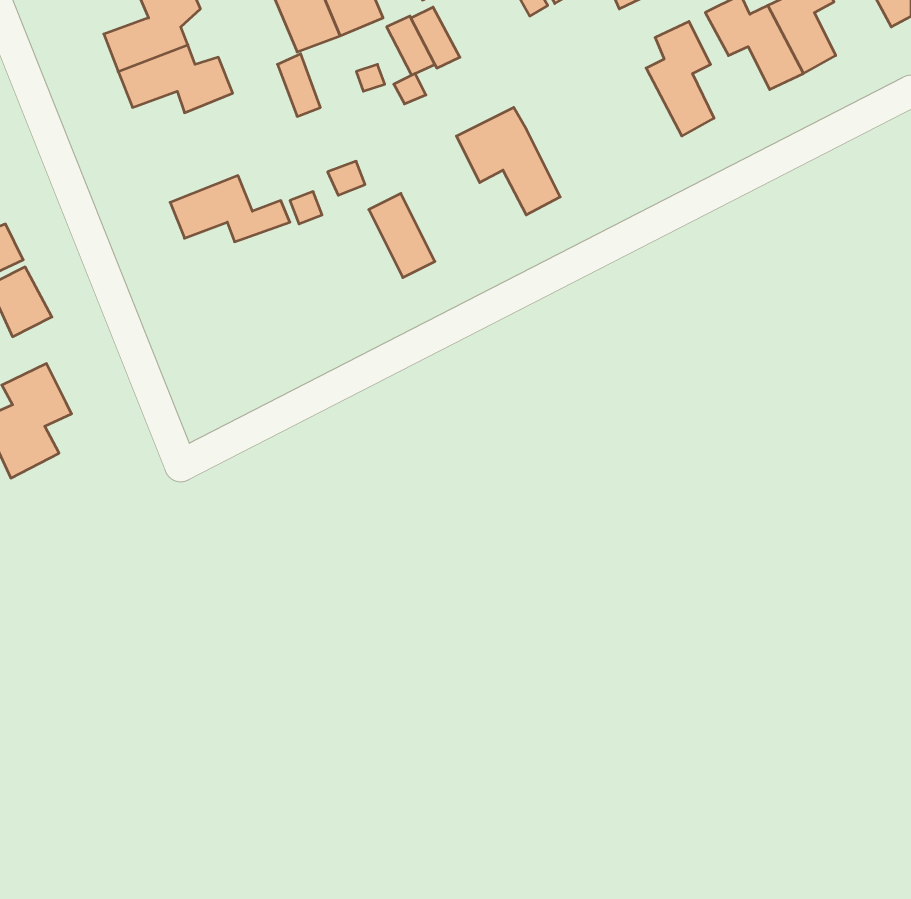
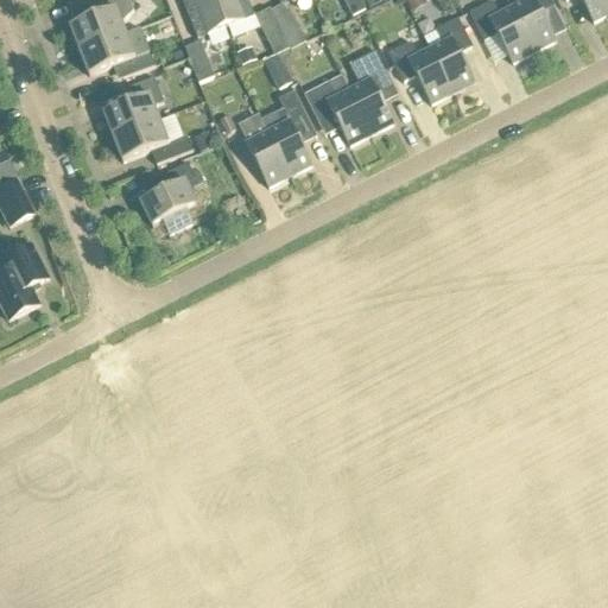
building: none -> [387,38,452,101]
building: none -> [348,46,393,131]
building: none -> [103,74,163,134]
building: none -> [259,87,312,173]
building: none -> [140,159,204,232]

